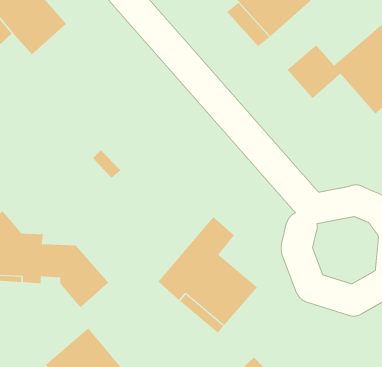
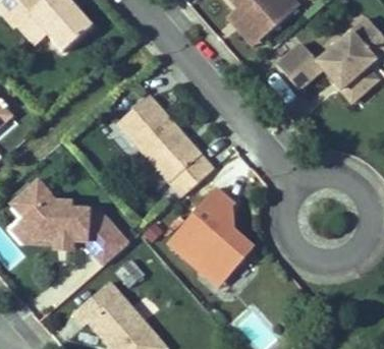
building: none -> [118,95,214,195]

